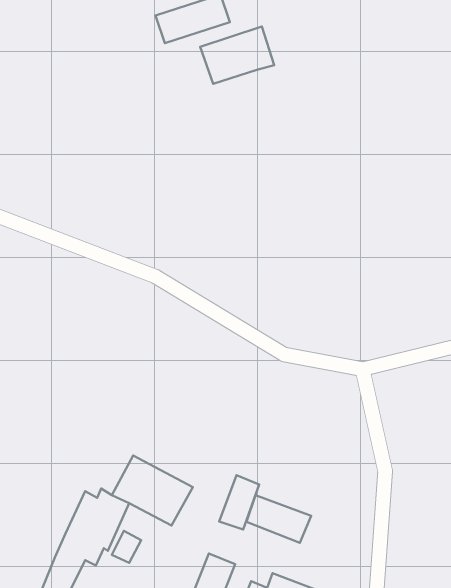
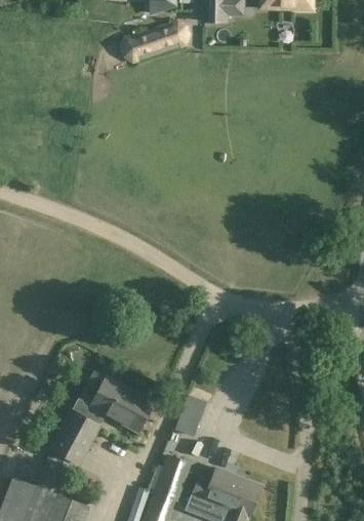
building: [200,27,274,84] -> none
building: [246,495,311,543] -> none

